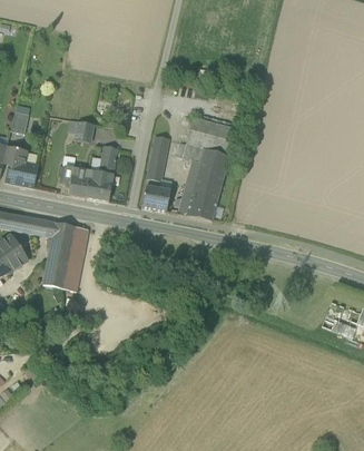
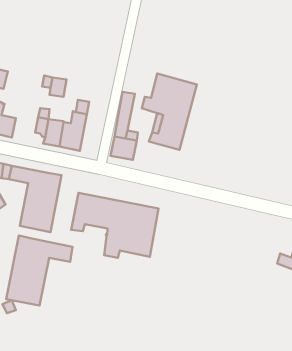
building: [175,190,217,219] -> none
building: none -> [71,193,158,258]
building: none -> [6,235,73,305]

